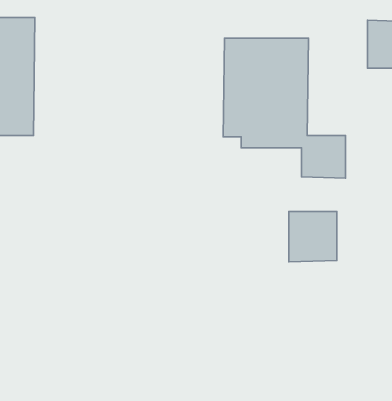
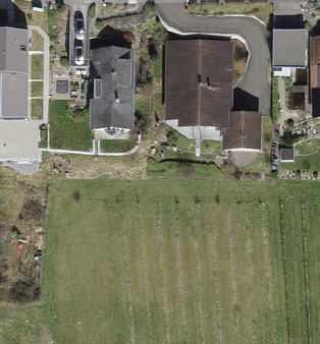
building: none -> [90,50,134,122]
building: [289,211,337,262] -> none

